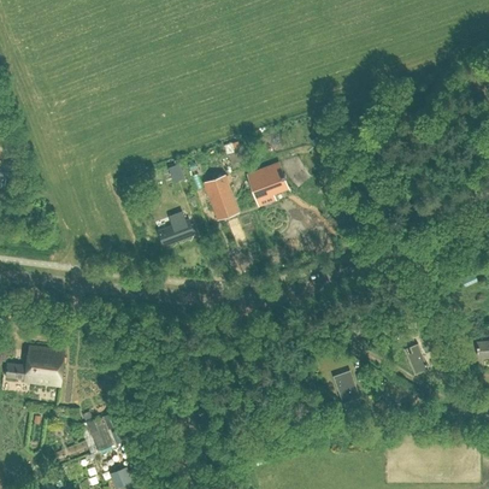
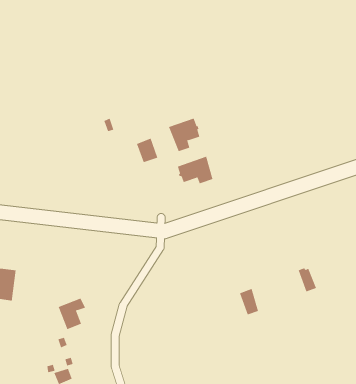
building: none -> [177,156,213,184]
building: [159,213,194,246] -> none
building: [86,413,119,452] -> [58,298,86,330]

